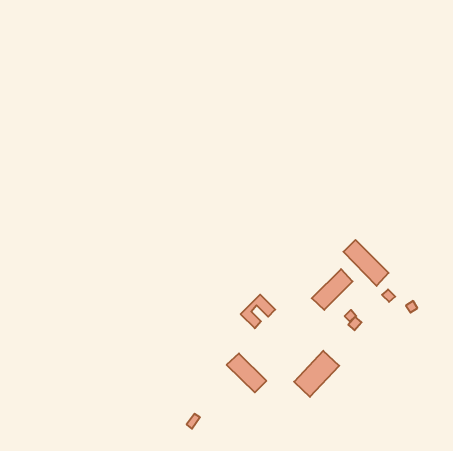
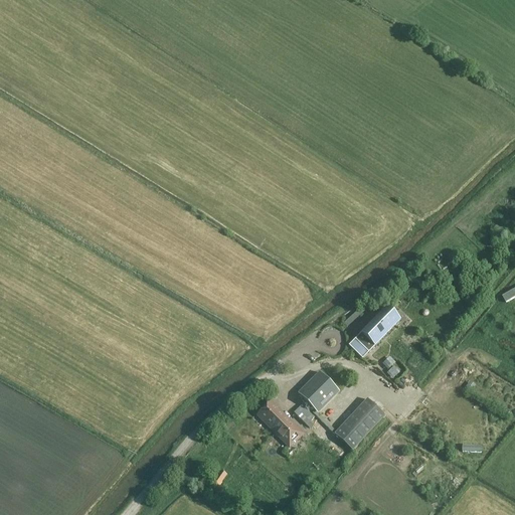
building: [343,240,389,286] -> none
building: [241,295,275,328] -> [297,370,336,408]

